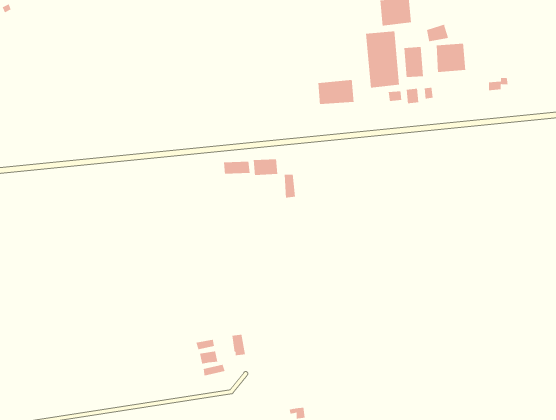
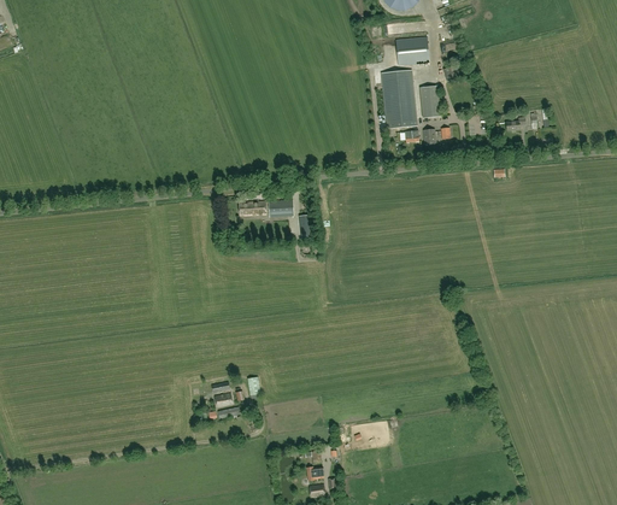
building: [436,43,466,73] -> none
building: [318,79,354,105] -> none

